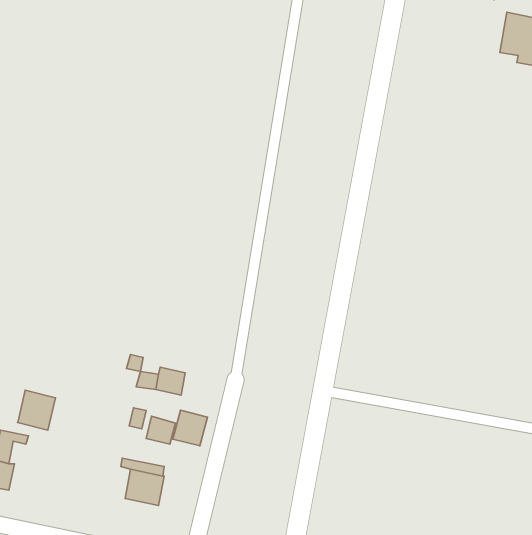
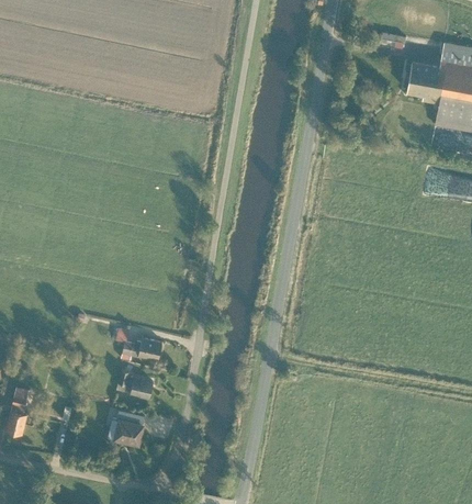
building: [17,390,56,430] -> none
building: [173,410,207,446] -> none

